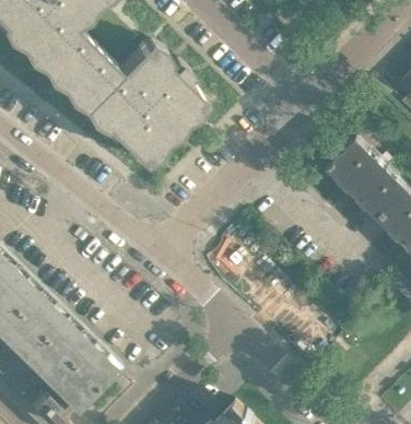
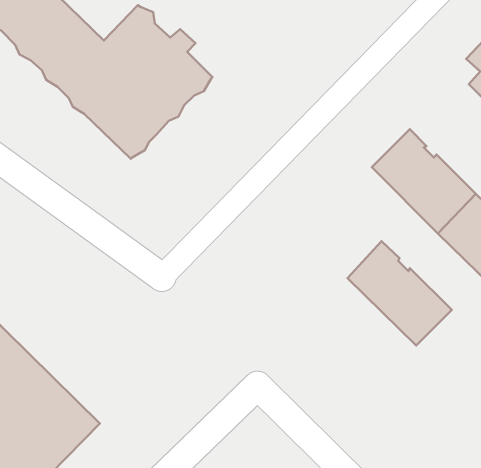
building: none -> [347,241,452,345]

